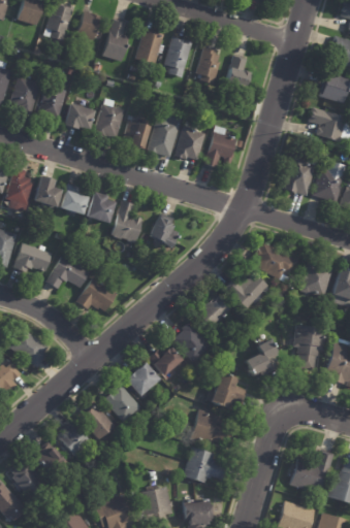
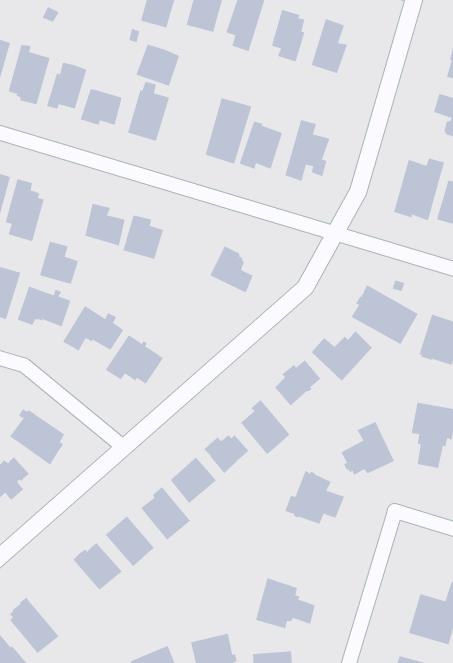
building: [116,121,147,151] -> [136,44,180,87]
building: [36,175,64,206] -> [39,240,79,284]
building: [113,201,144,243] -> none
building: [188,408,235,446] -> none
building: [32,439,62,471] -> none

